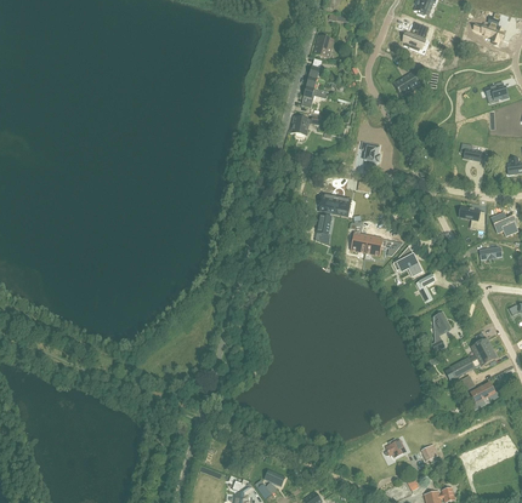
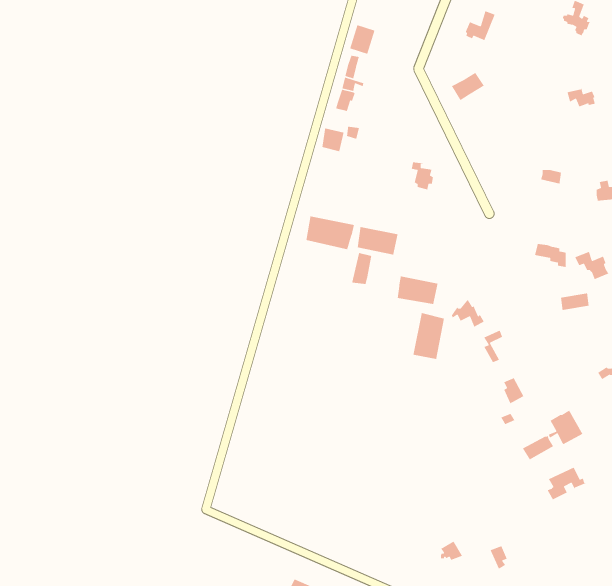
building: none -> [305,216,355,250]
building: none -> [412,312,445,360]

